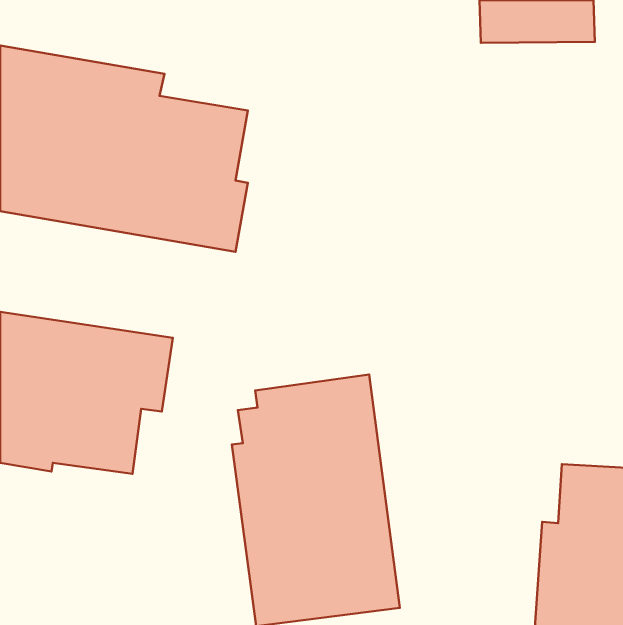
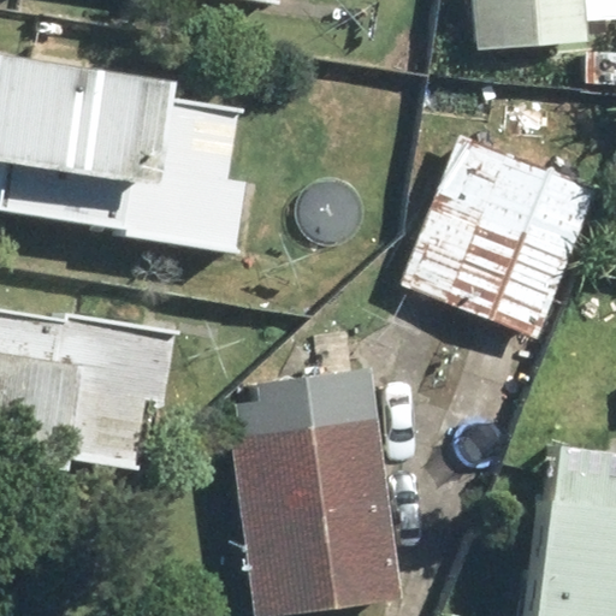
building: none -> [401,138,594,338]

